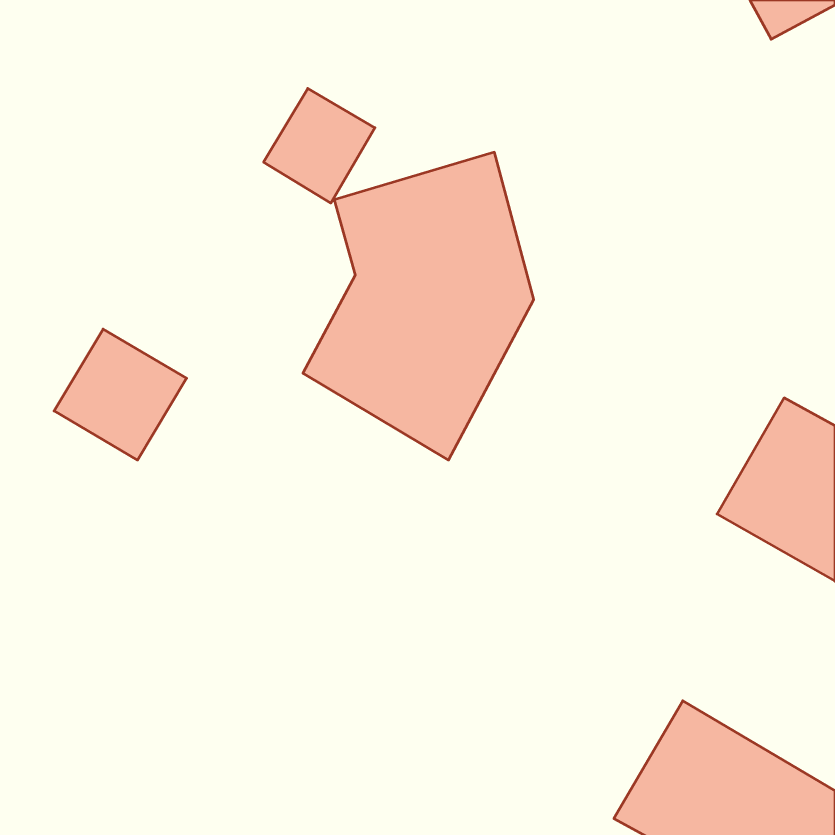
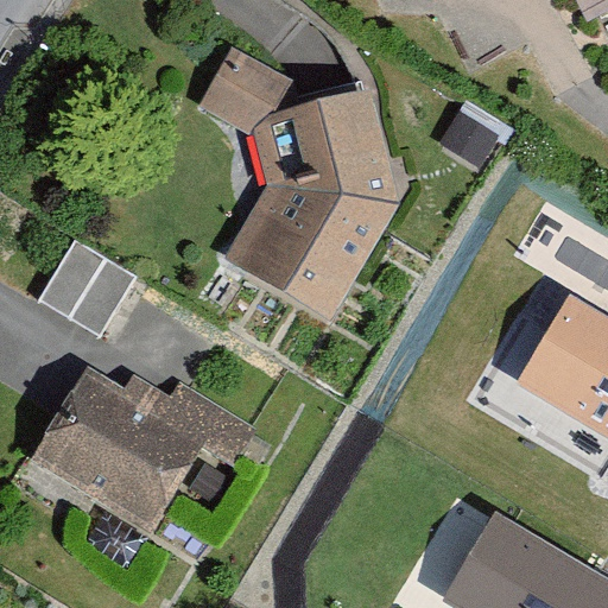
building: none -> [33,365,258,531]

